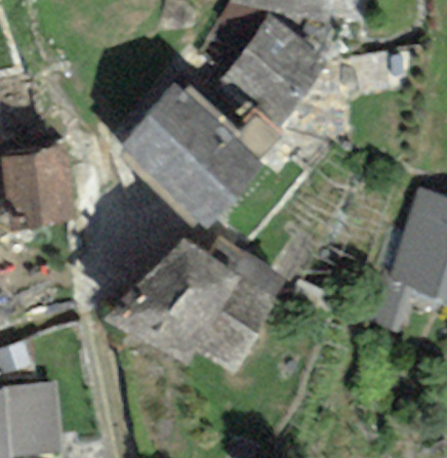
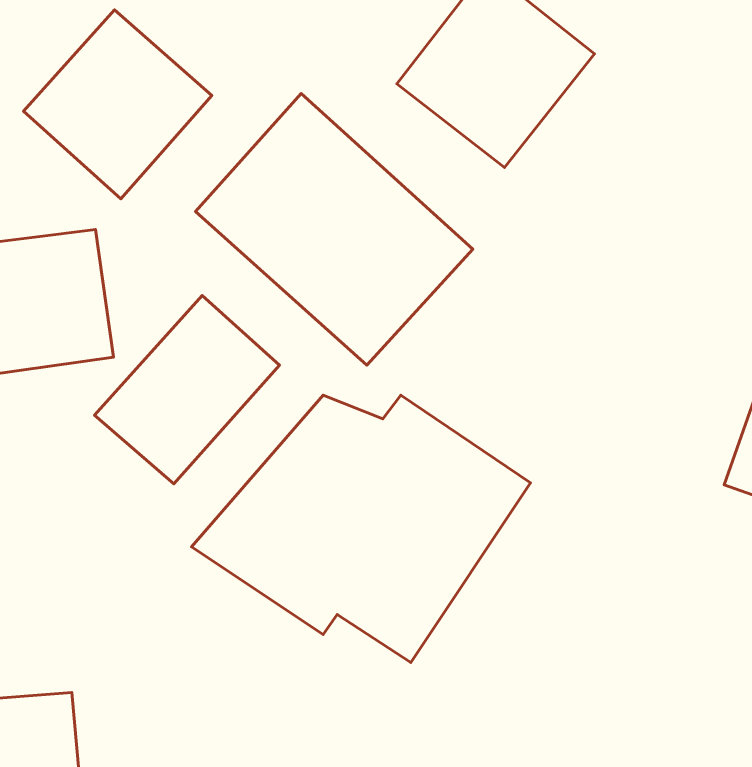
building: none -> [24,10,212,199]
building: none -> [95,296,279,484]

